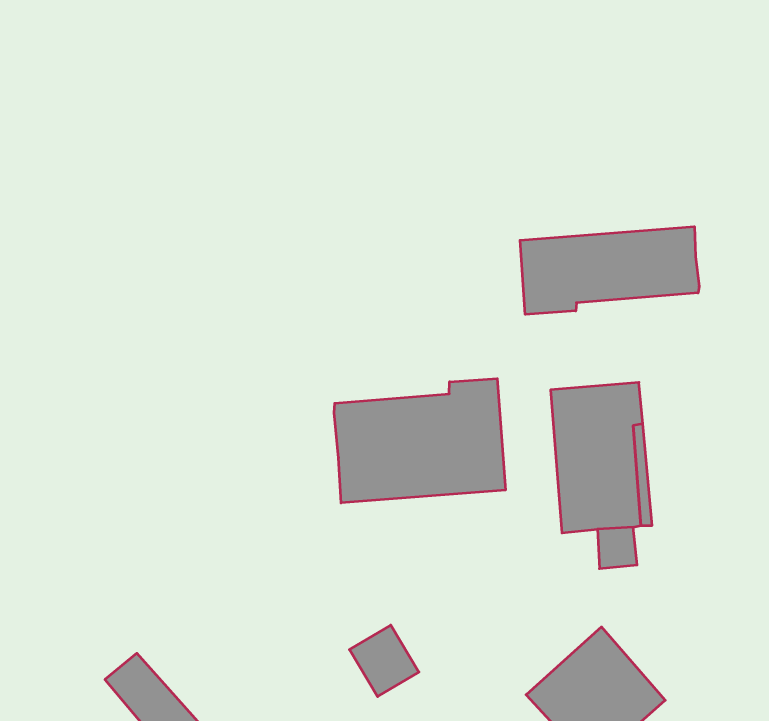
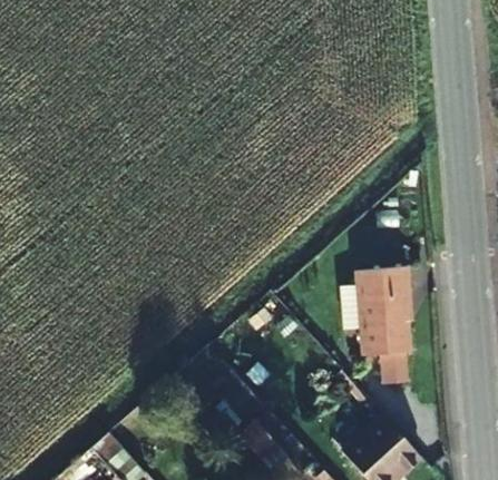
building: [520,227,699,314] -> none
building: [334,379,505,503] -> none

